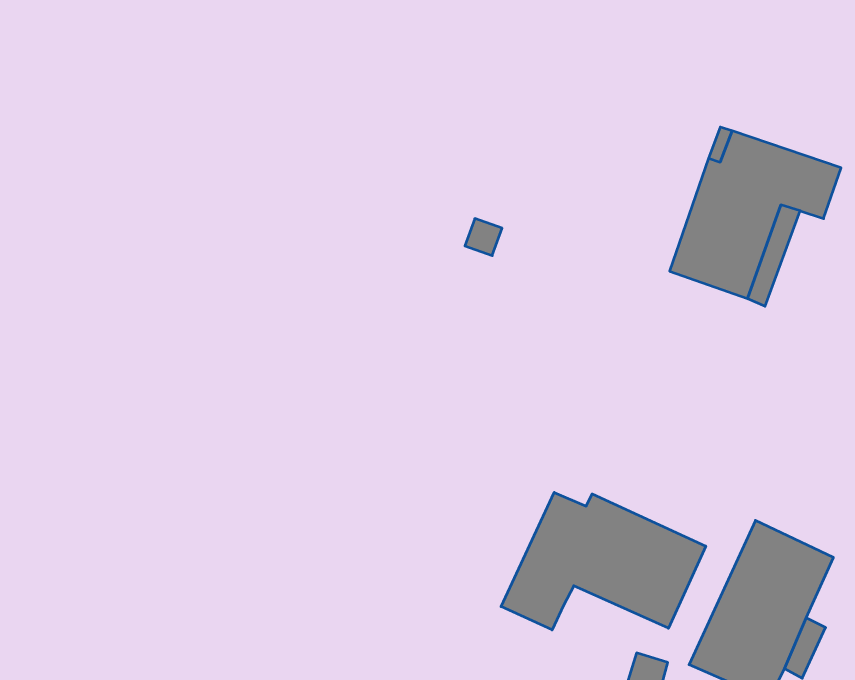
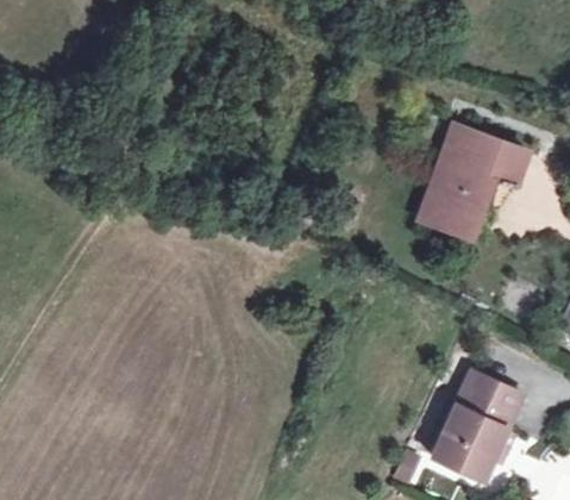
building: [501,492,706,630] -> none

